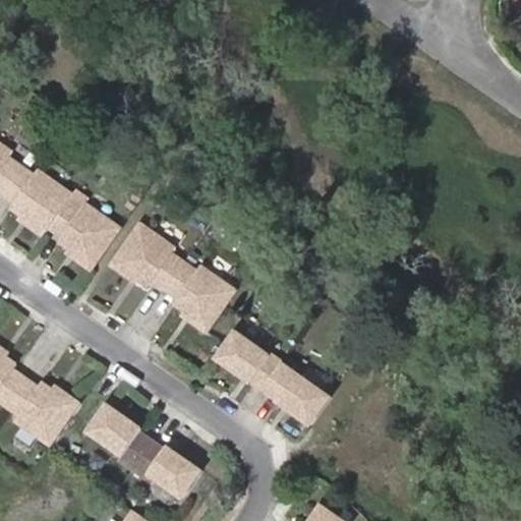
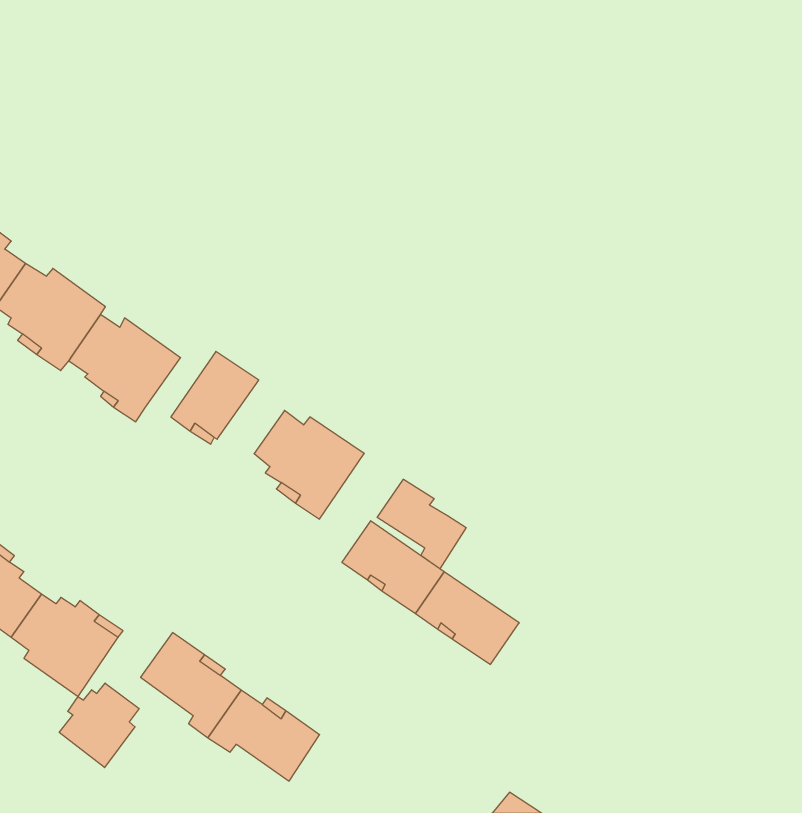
building: [138,242,181,289] -> none
building: none -> [377,479,466,569]
building: none -> [59,683,139,768]

